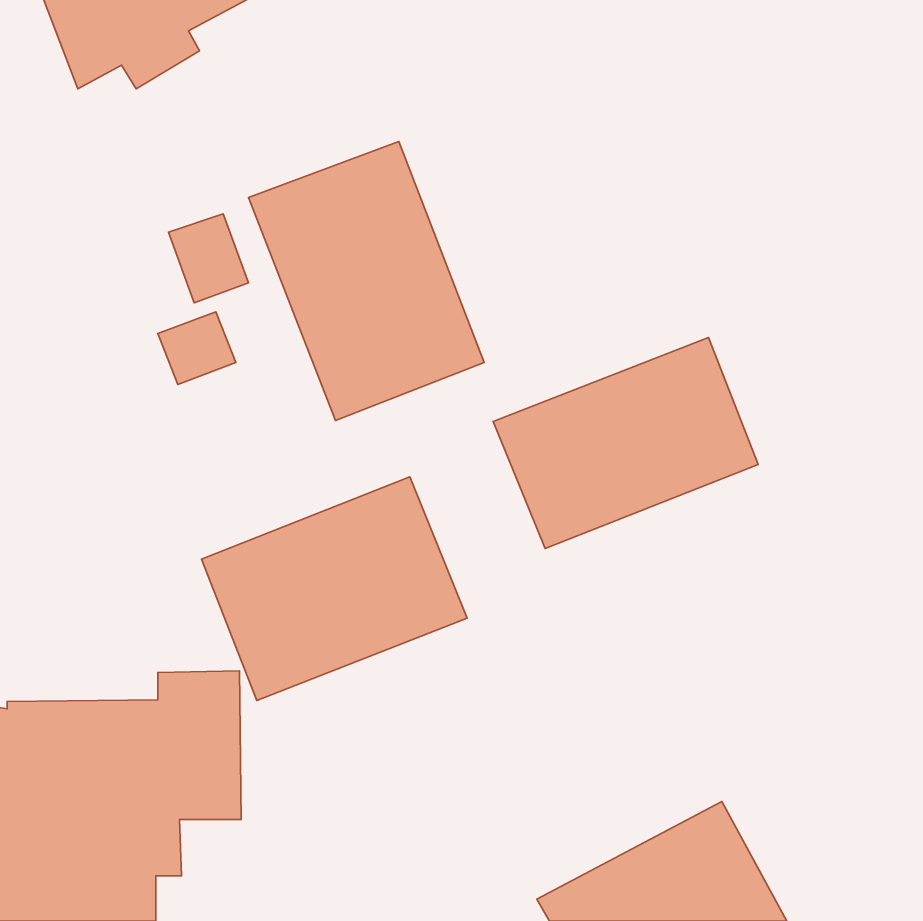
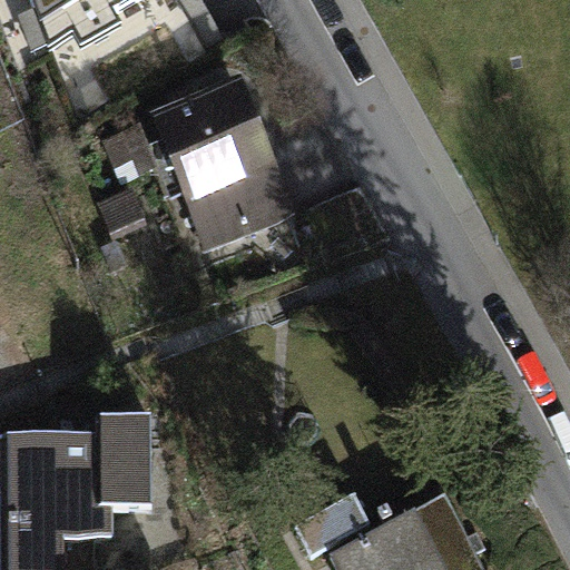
building: [493,338,758,548] -> none
building: [202,477,467,700] -> none

